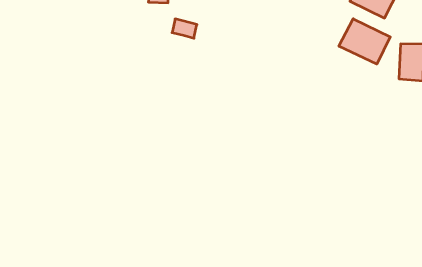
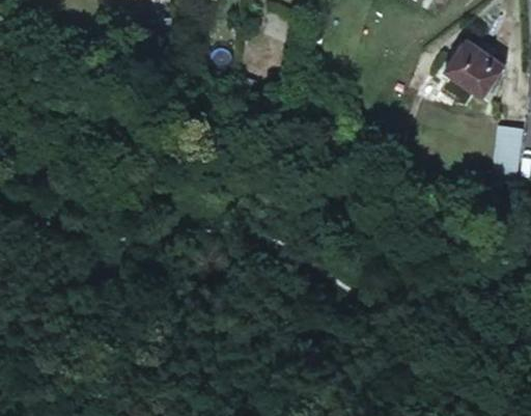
building: [339,19,390,64] -> none

